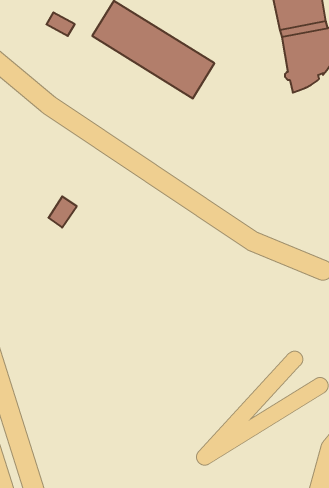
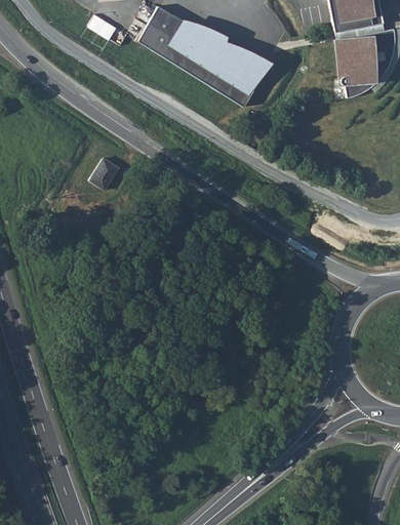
building: [48,196,77,228] -> [88,160,118,193]

